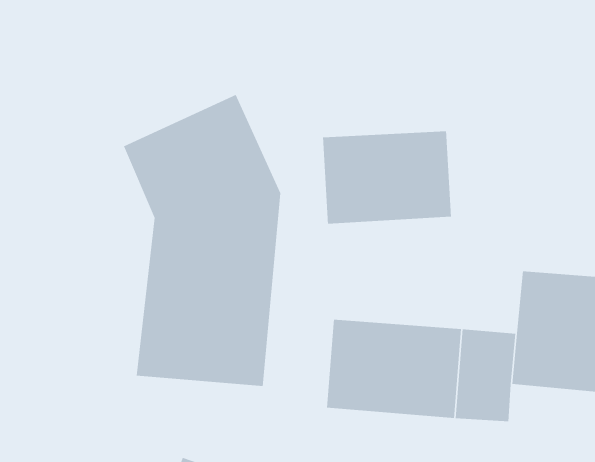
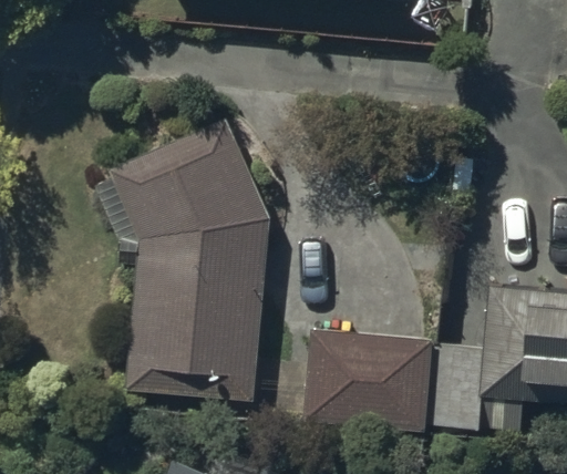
building: [323,130,452,225] -> none

